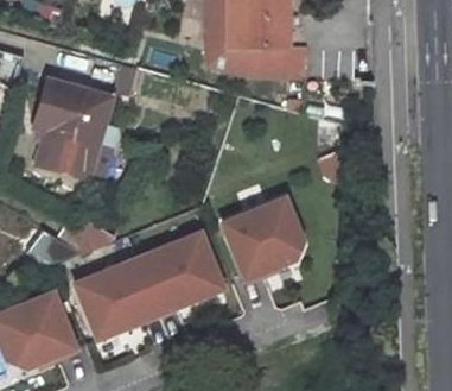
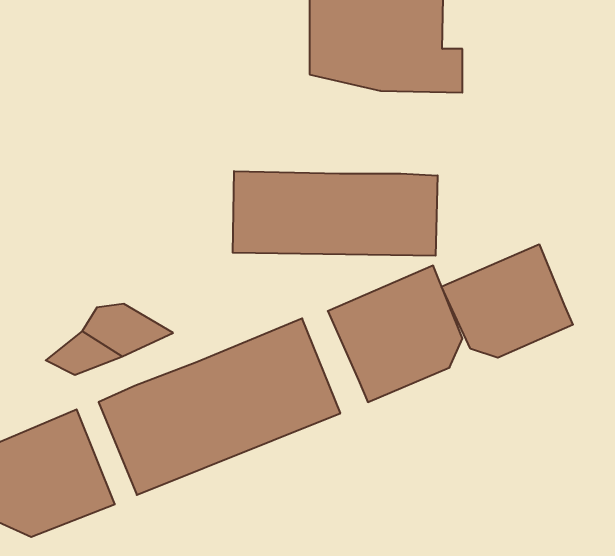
building: [30,74,115,181] -> none
building: none -> [233,171,438,256]
building: none -> [442,244,573,358]

